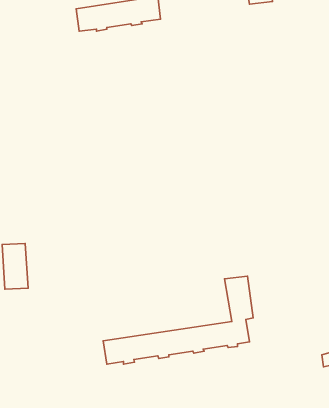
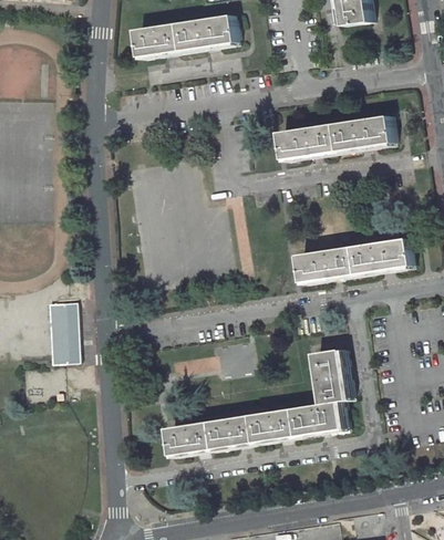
building: none -> [278,115,392,159]
building: none -> [297,238,411,282]

